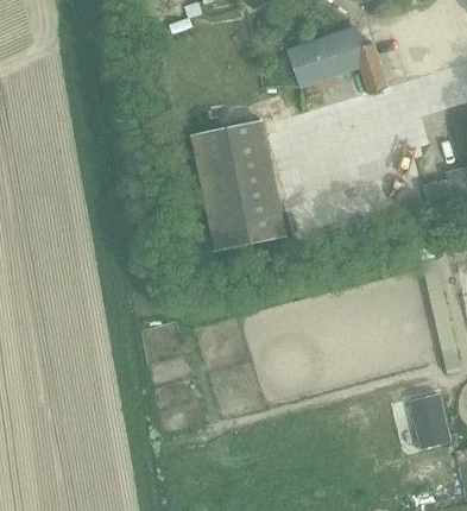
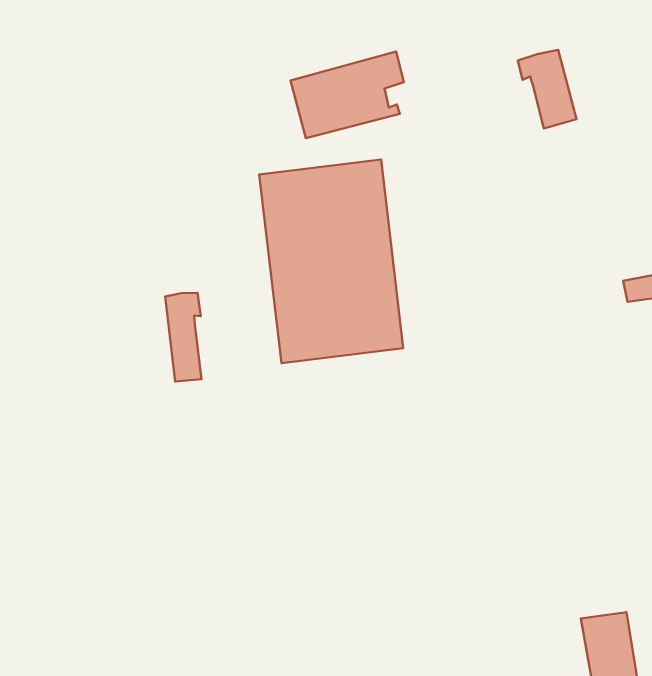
building: [288,29,359,87] -> [290,51,404,138]
building: none -> [165,293,202,381]

